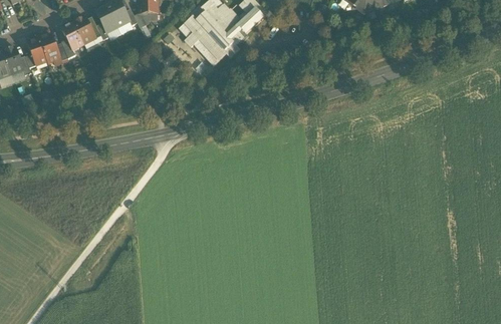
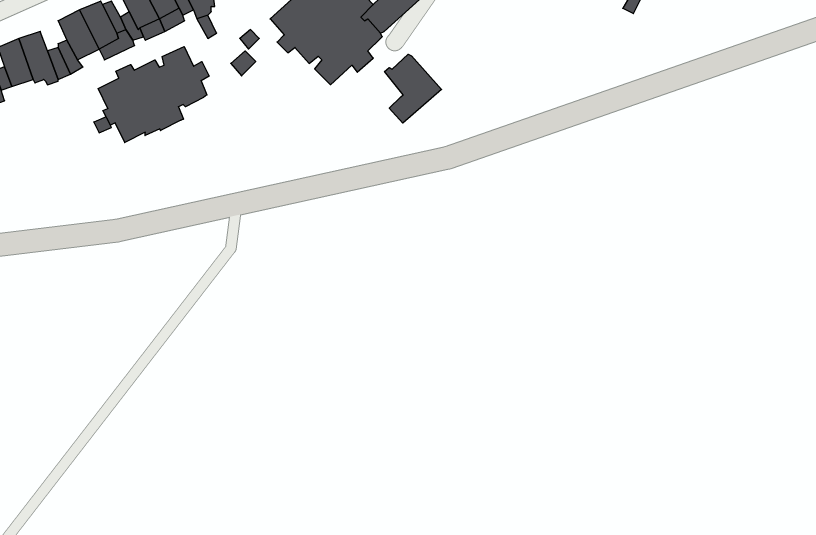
building: none -> [98,47,209,143]
building: none -> [385,54,442,123]

